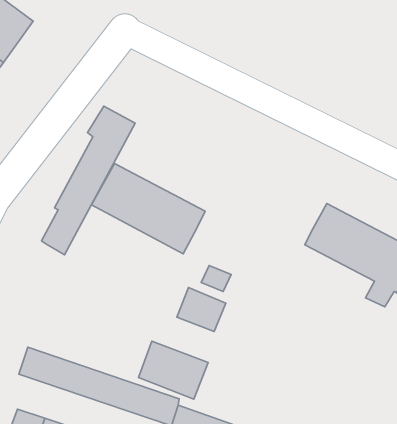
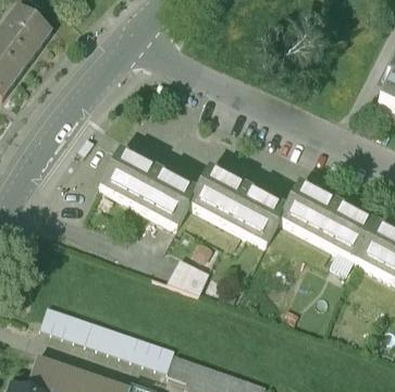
building: [41,106,135,255] -> none
building: none -> [188,169,284,245]
building: [139,341,208,399] -> none

